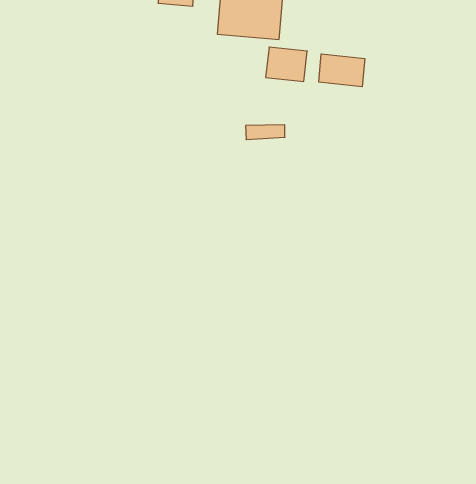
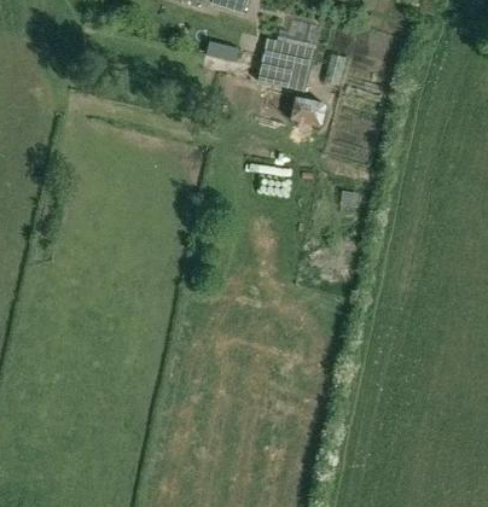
building: [319,54,365,87] -> none

